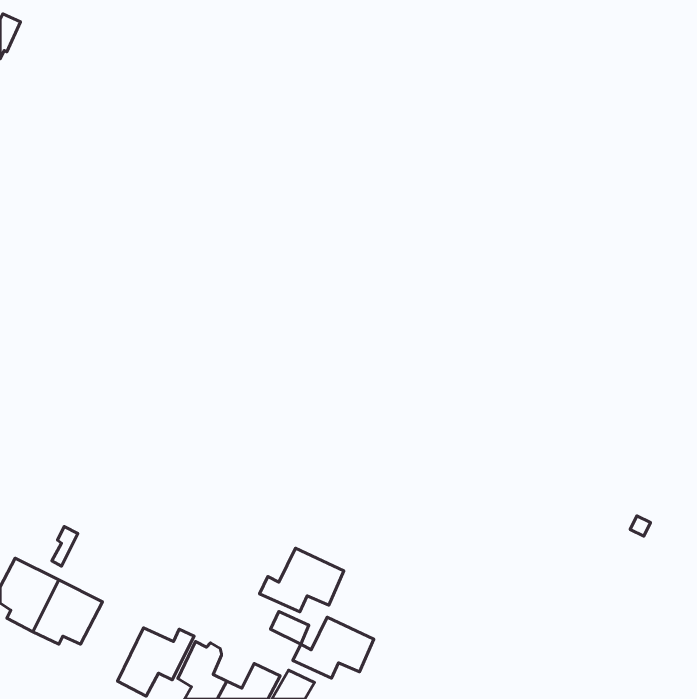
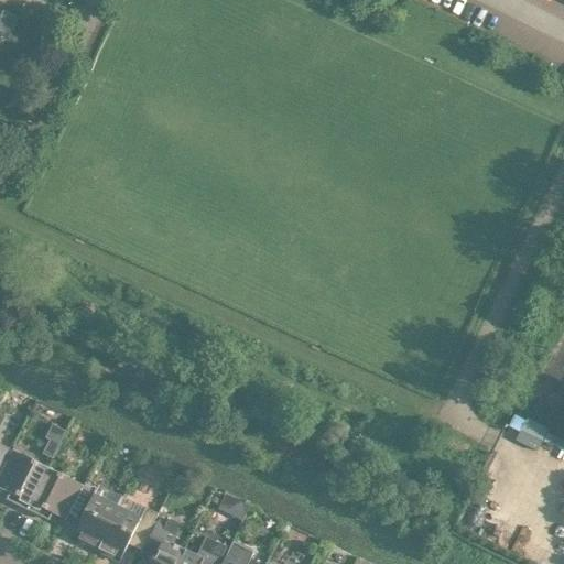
building: [260,548,344,612] -> none
building: none -> [69,477,117,549]
building: [293,617,374,678] -> none

